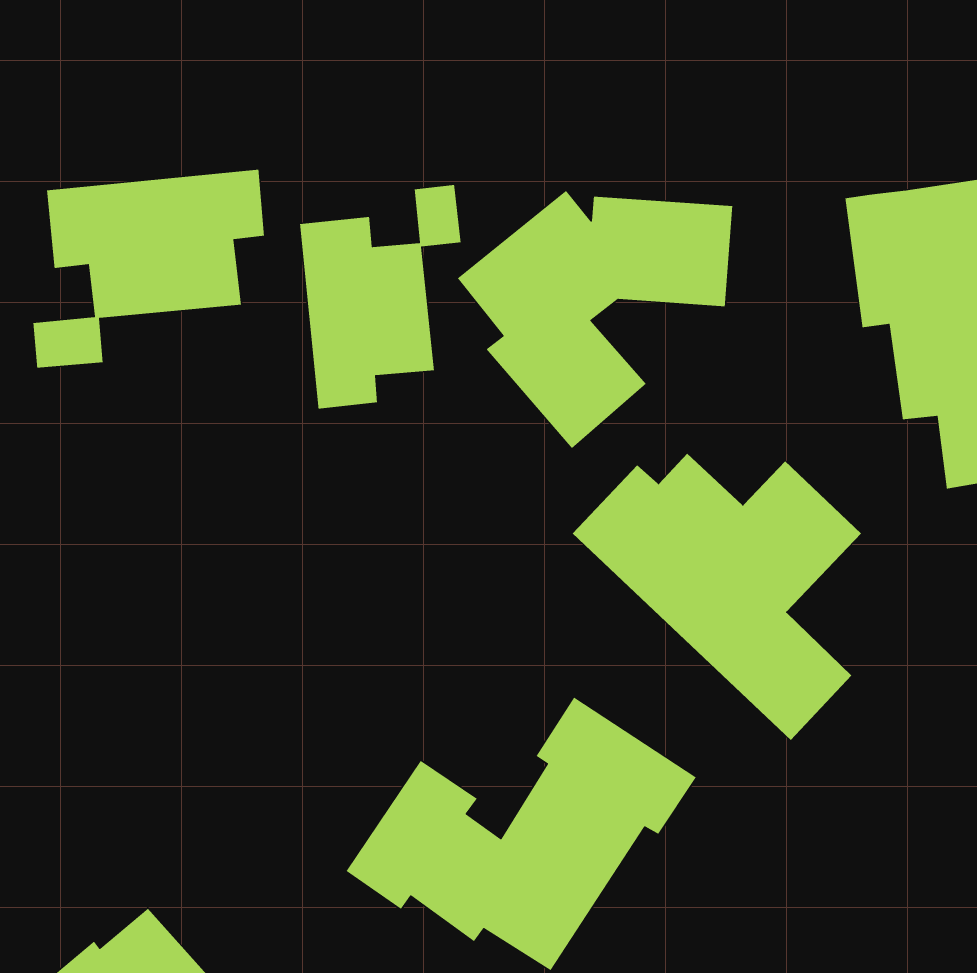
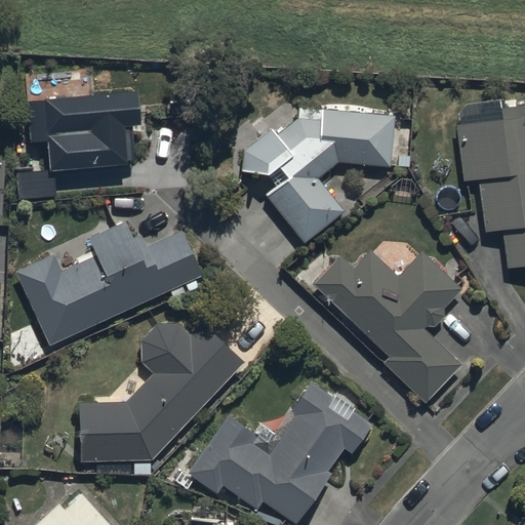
building: [299,184,462,409] -> none
building: none -> [19,228,206,351]
building: none -> [79,318,245,458]

